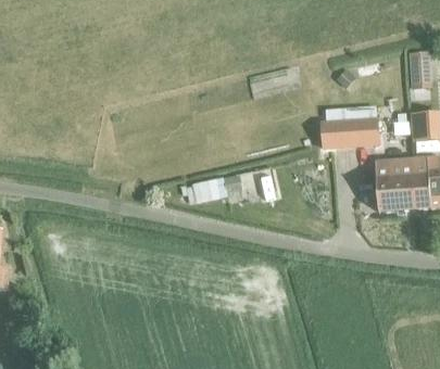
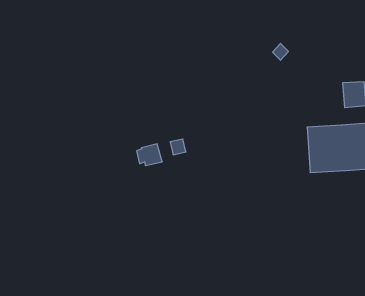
building: [410,52,428,89] -> none
building: [322,115,379,145] -> none

